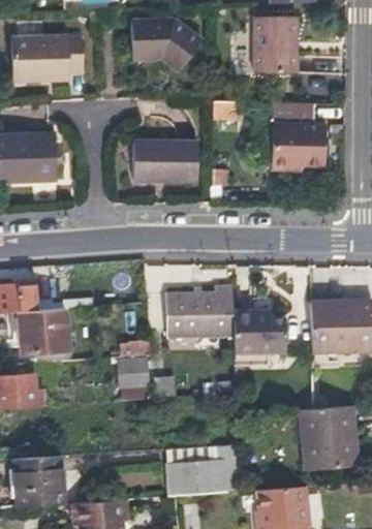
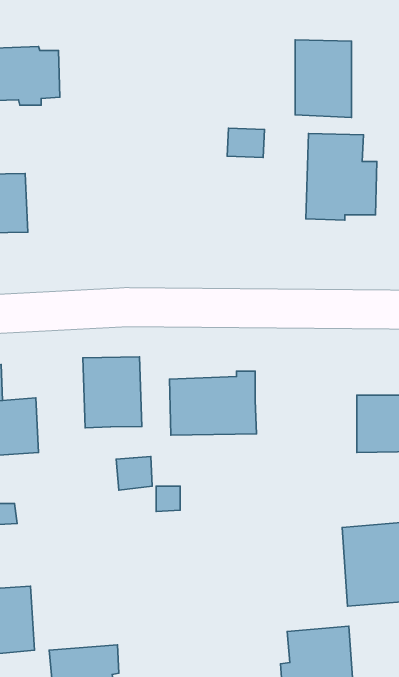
building: [131,22,202,72] -> none
building: [132,139,199,181] -> none
building: none -> [83,357,142,428]
building: [234,310,287,353] -> none
building: [167,442,238,496] -> none

